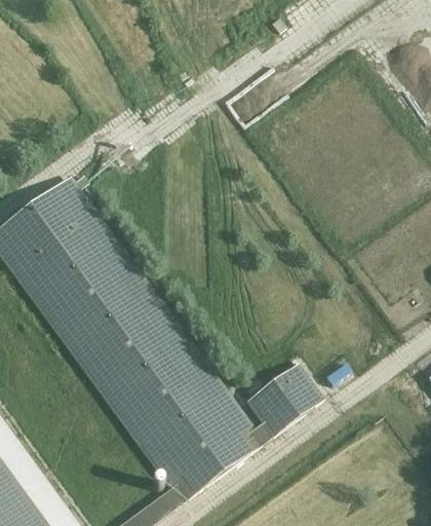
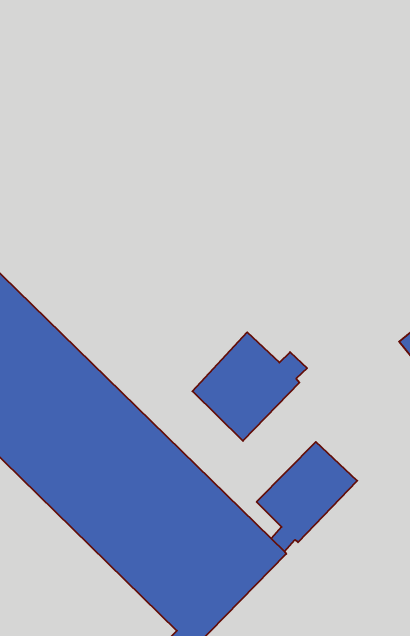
building: none -> [192,332,307,441]

